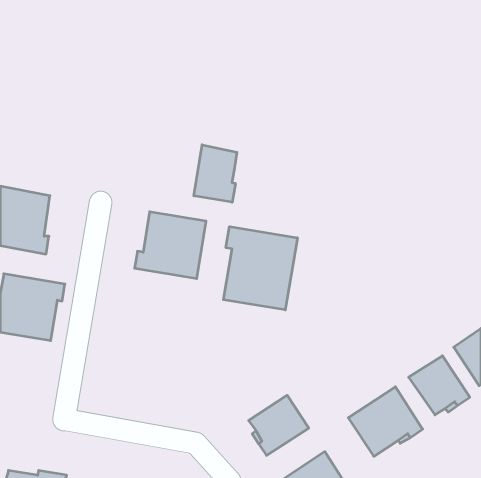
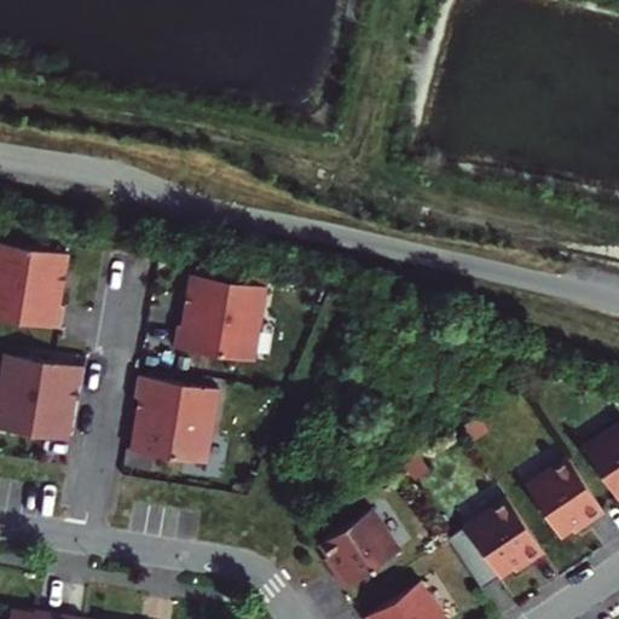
building: [194,145,237,202] -> none
building: [223,227,297,310] -> none
building: none -> [132,377,216,464]

